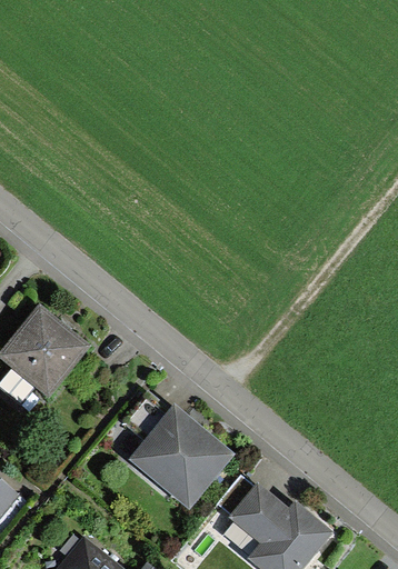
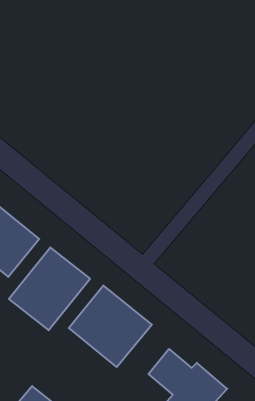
building: none -> [9,247,90,330]

